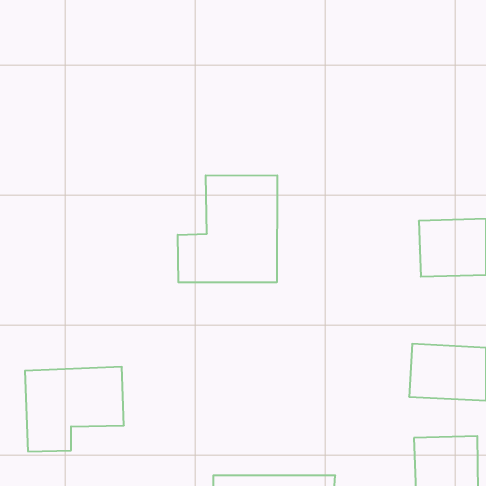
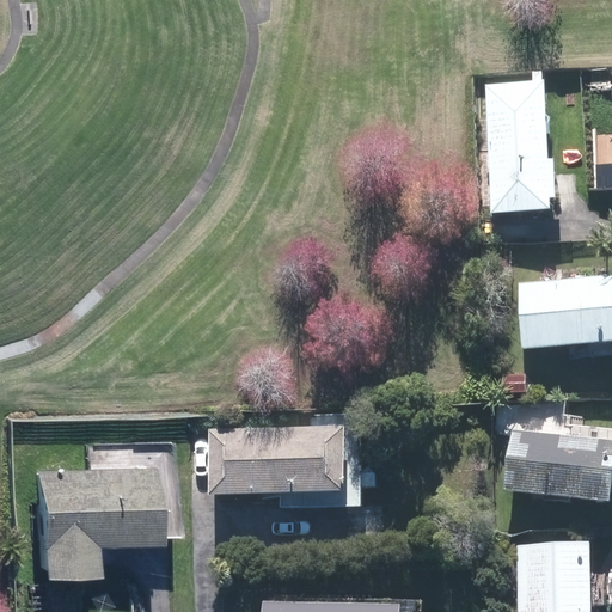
building: none -> [479,80,558,219]
building: [178,175,277,282] -> none
building: none -> [214,426,345,495]

